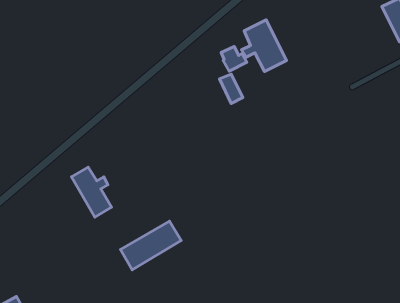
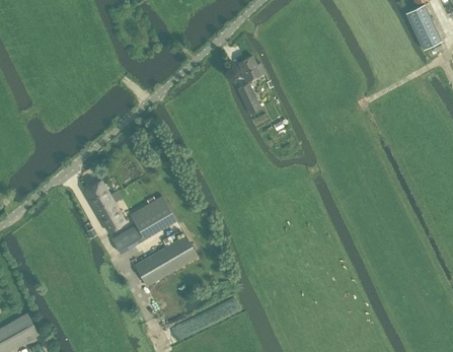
building: [242,20,287,72] -> none
building: none -> [111,195,176,254]

